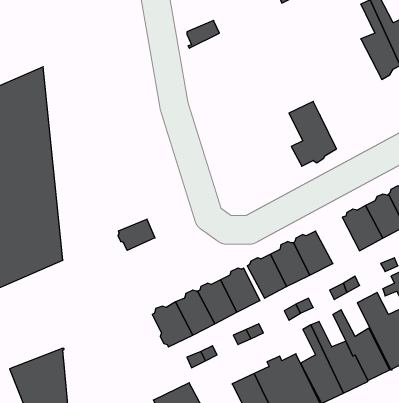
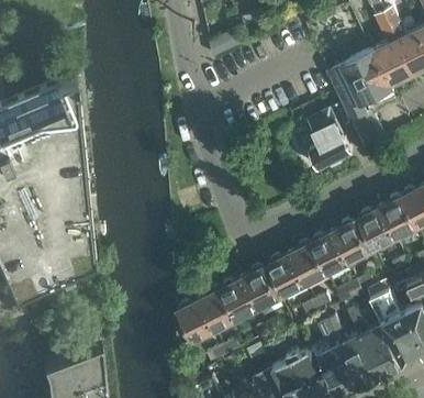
building: none -> [327,52,393,123]
building: [118,219,155,250] -> none
building: none -> [331,223,369,265]

